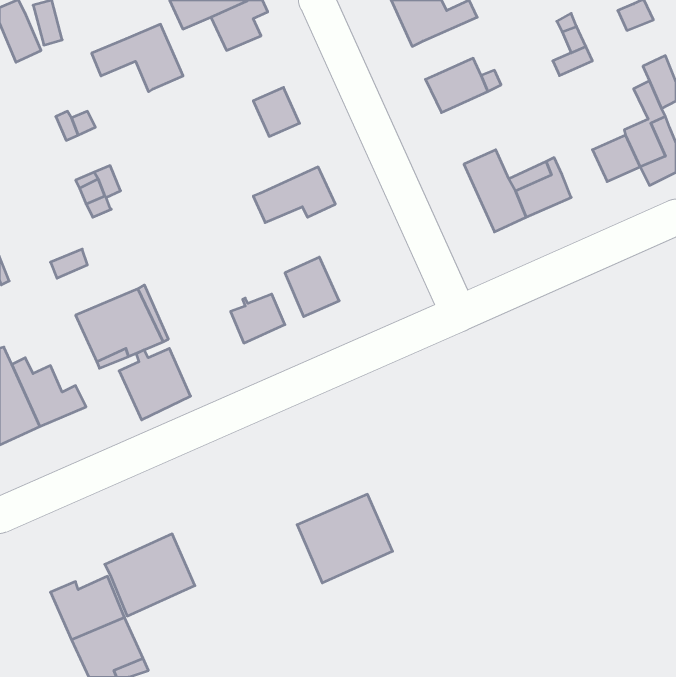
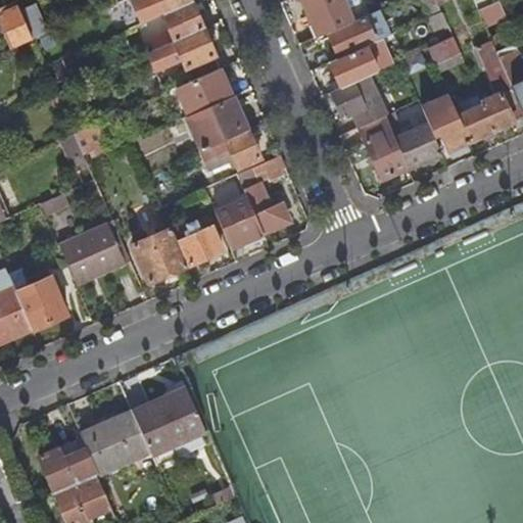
building: none -> [326,9,387,57]
building: [92,24,183,92] -> [148,28,219,80]
building: none -> [330,76,382,127]
building: none -> [421,94,468,149]
building: none -> [185,95,245,149]
building: none -> [236,154,288,232]
building: [119,348,191,420] -> [132,228,187,283]
building: [297,494,393,583] -> [133,388,206,457]

